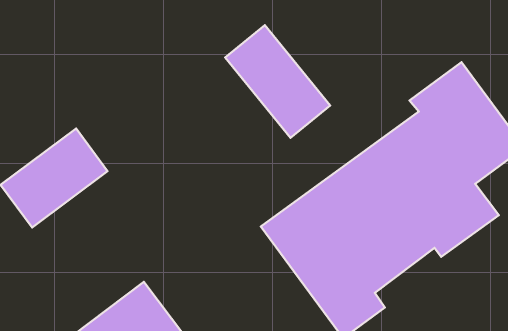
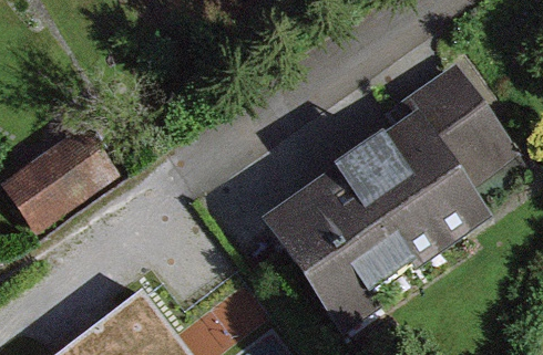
building: [225,25,330,138] -> none

